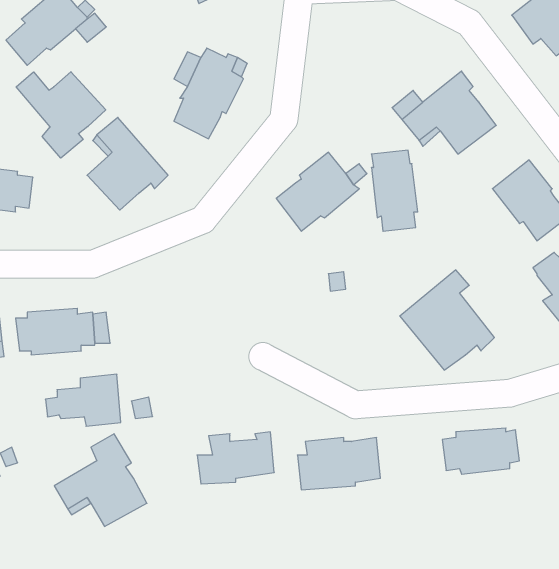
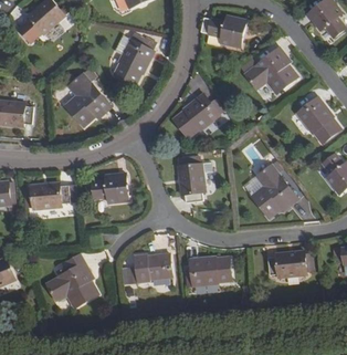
building: none -> [201,15,245,48]
building: [16,72,106,158] -> none
building: [371,150,418,231] -> [177,157,203,203]
building: [45,374,121,426] -> [85,173,128,202]

